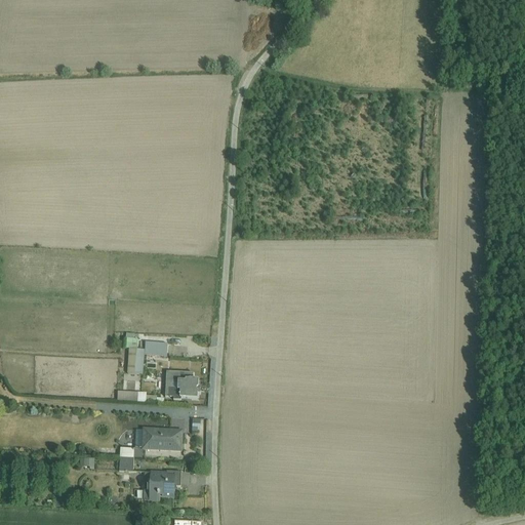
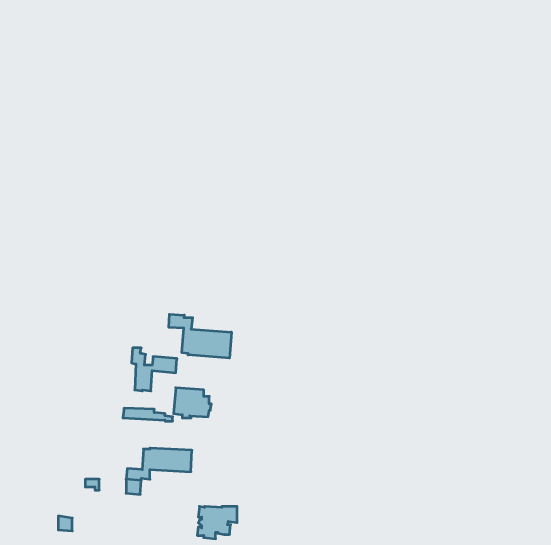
building: none -> [169,314,231,358]
building: [144,470,181,500] -> [197,506,237,539]

